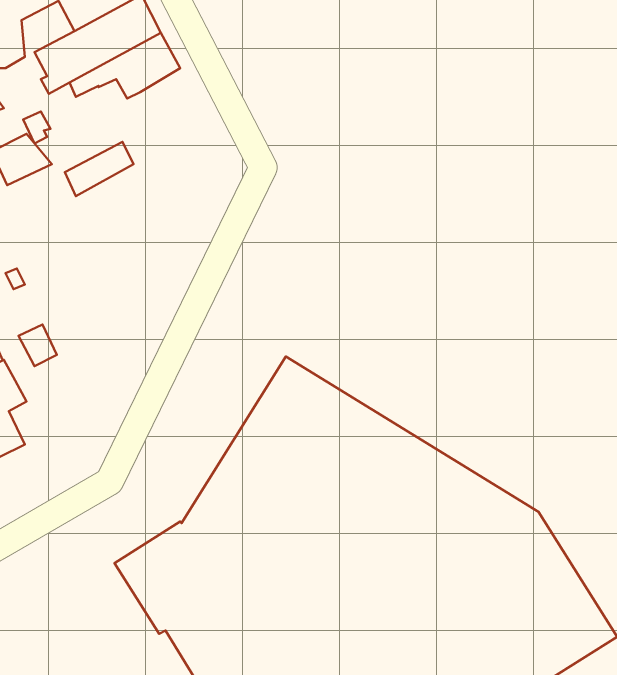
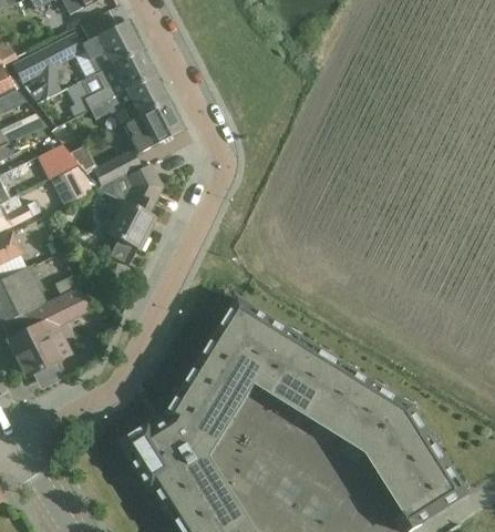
building: none -> [122,99,182,153]
building: none -> [105,163,162,264]
building: none -> [59,164,94,201]

